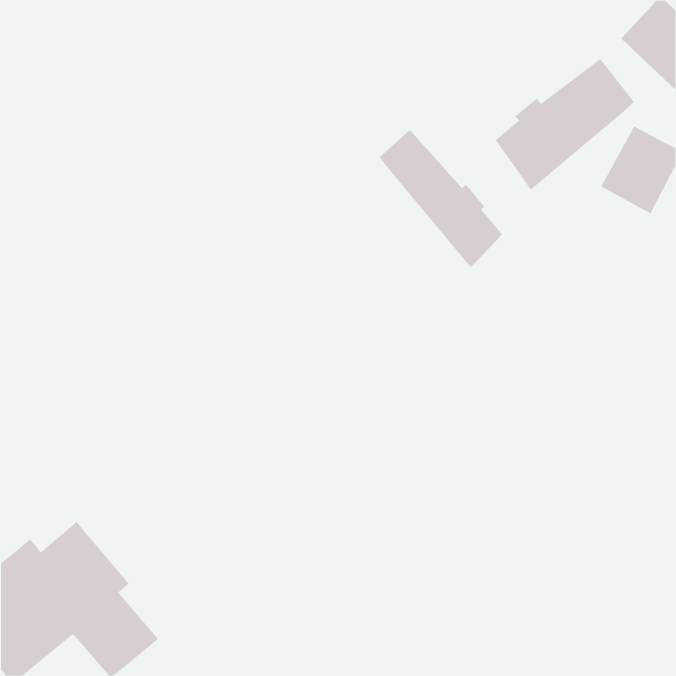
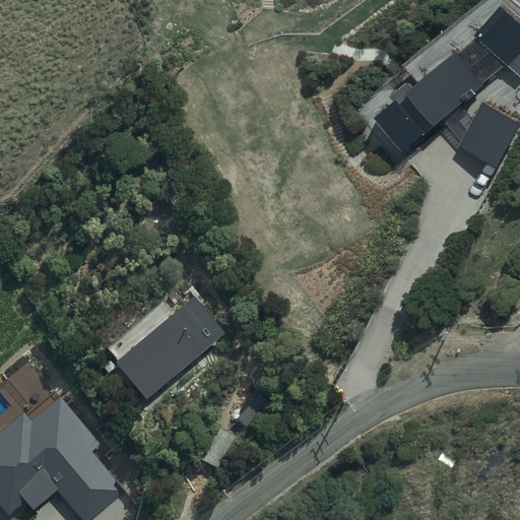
building: [379,129,503,268] -> none
building: none -> [112,297,222,402]

